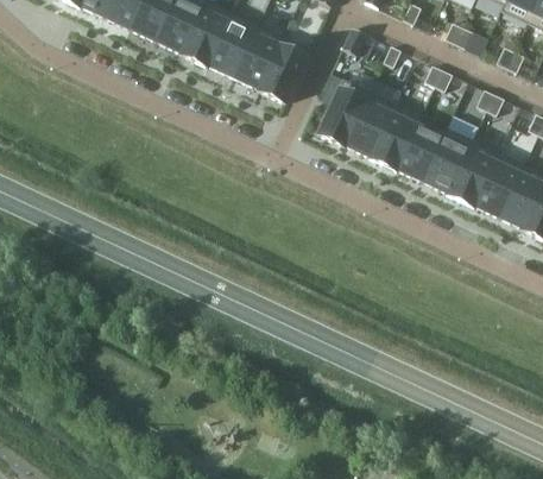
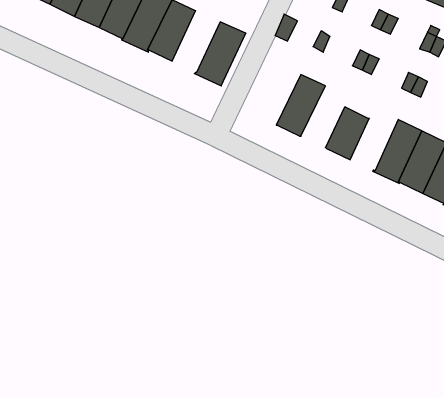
building: [233,24,284,89] -> none
building: [317,78,370,147] -> none
building: [368,103,422,171] -> none
building: [422,127,473,194] -> none

